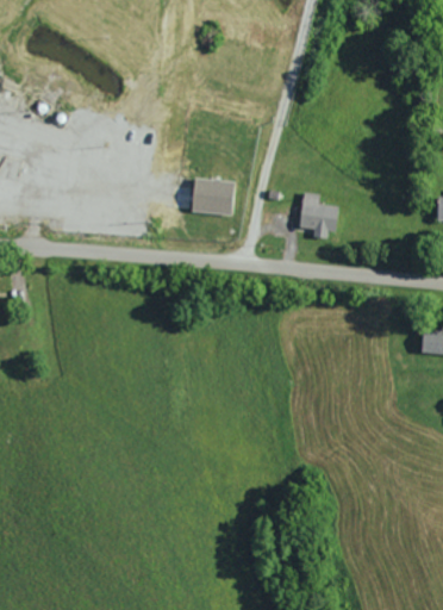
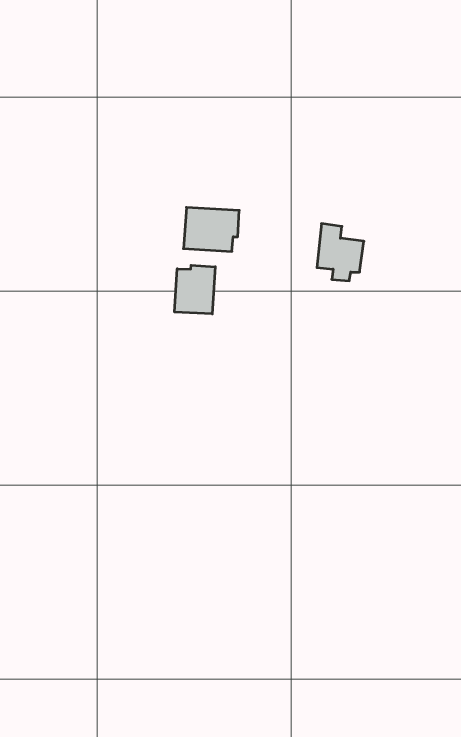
building: none -> [175,265,215,314]

